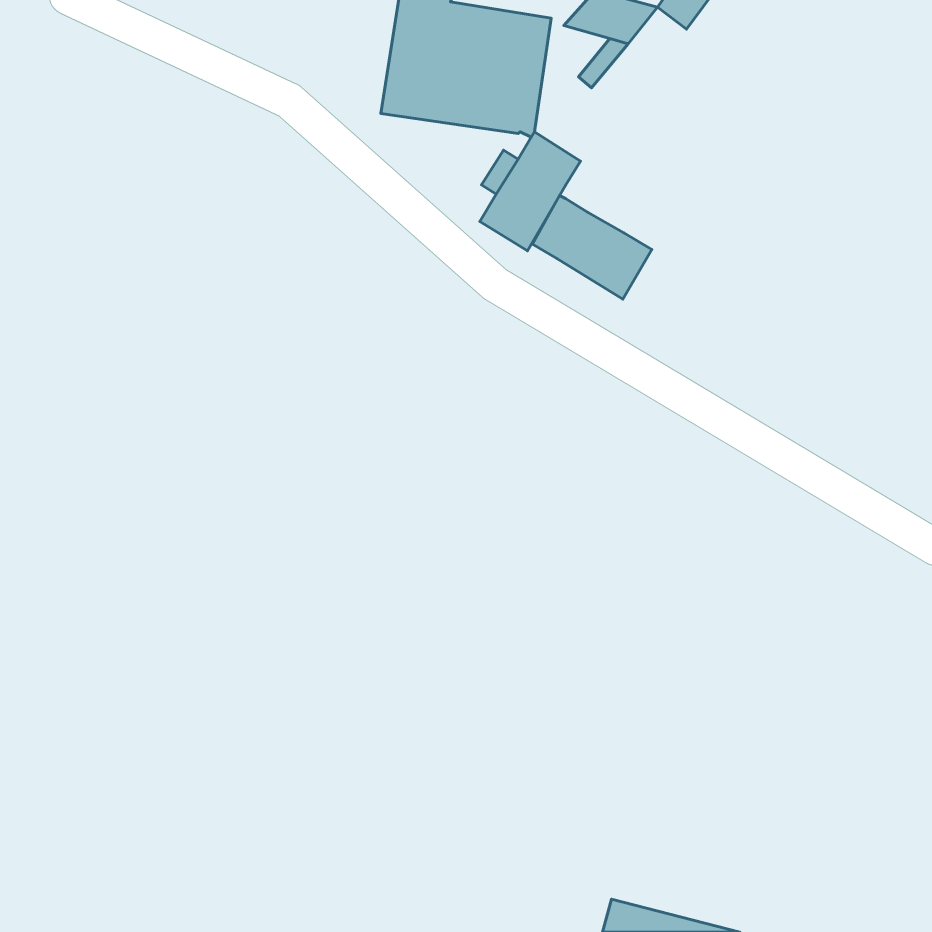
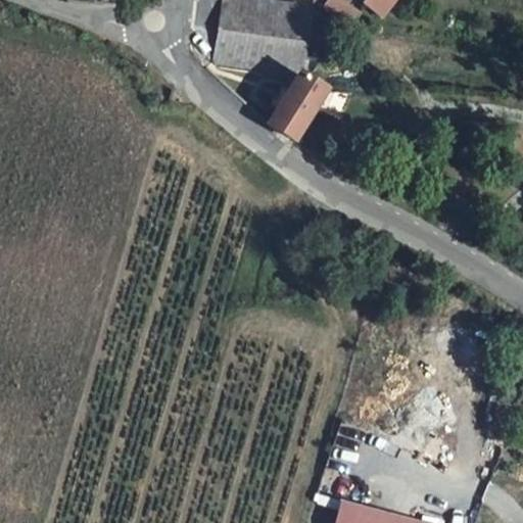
building: [532,195,652,299] -> none

